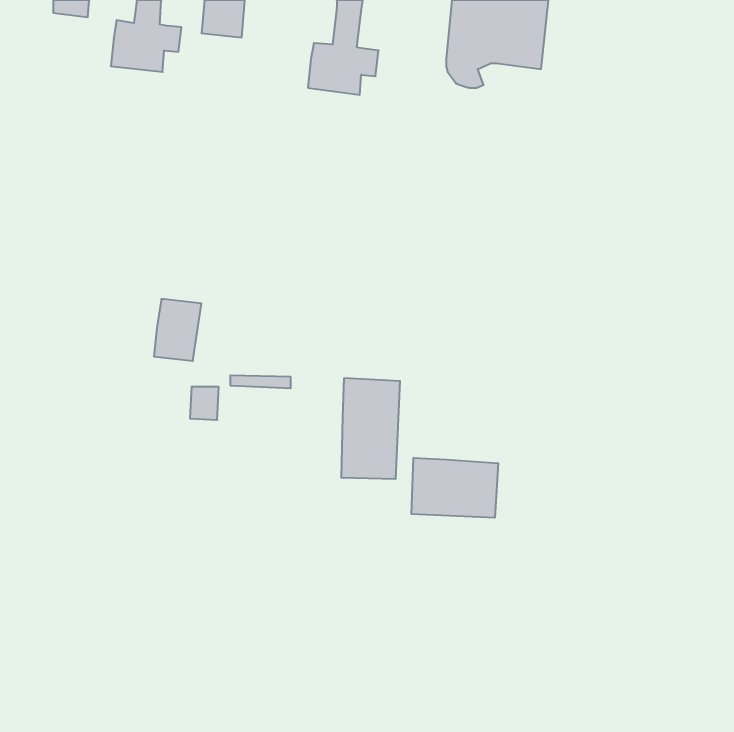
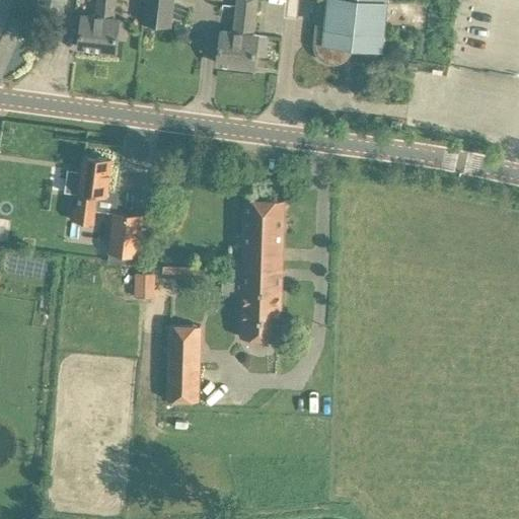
building: none -> [64,157,110,223]
building: none -> [242,200,284,271]
building: [411,458,498,518] -> none
building: none -> [165,325,202,402]

